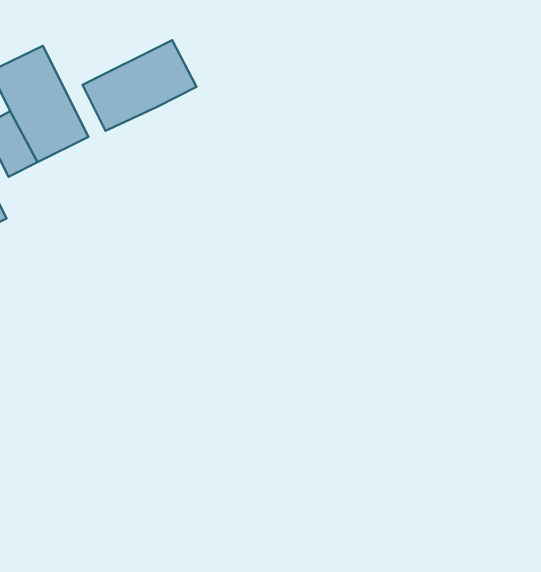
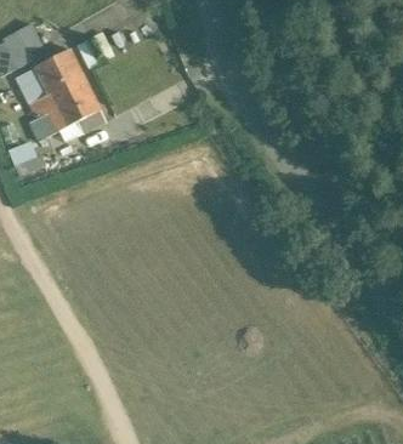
building: [83,40,197,131] -> none

